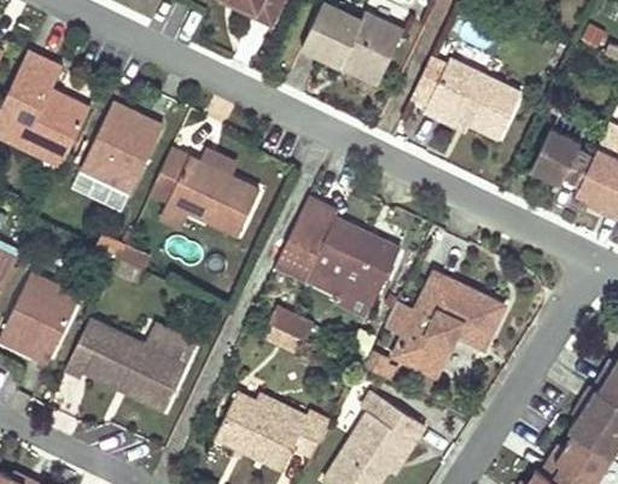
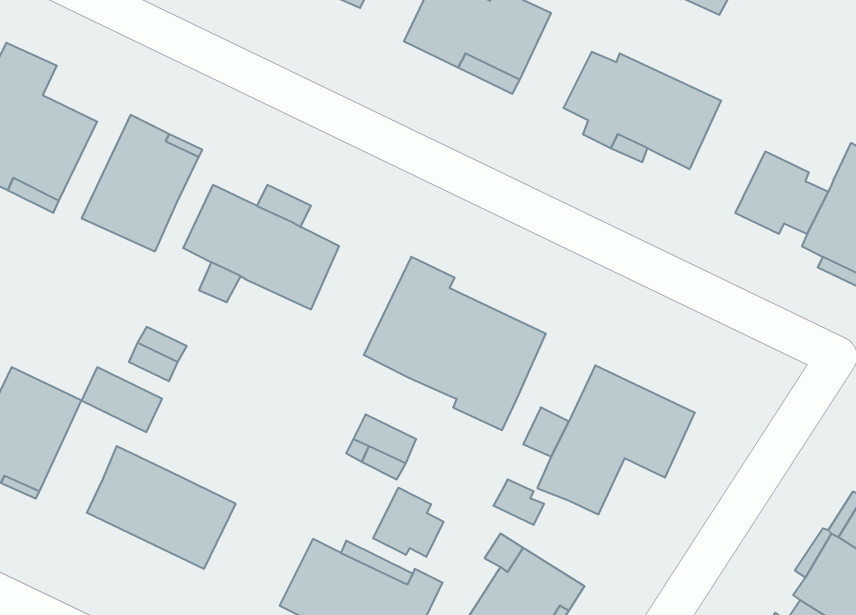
building: [141,323,197,368] -> [82,367,162,432]
building: none -> [373,488,443,557]

